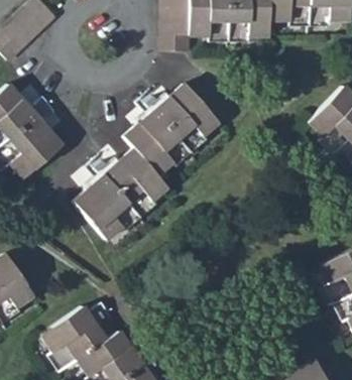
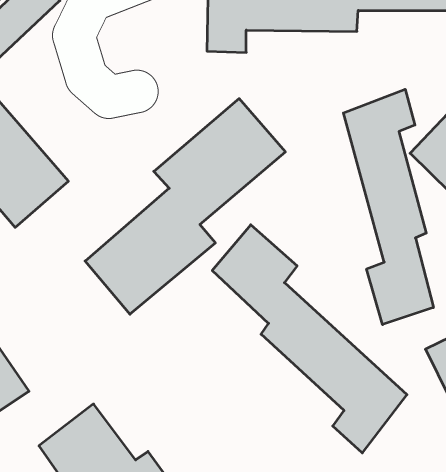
building: none -> [343,89,433,325]
building: none -> [212,225,407,453]

